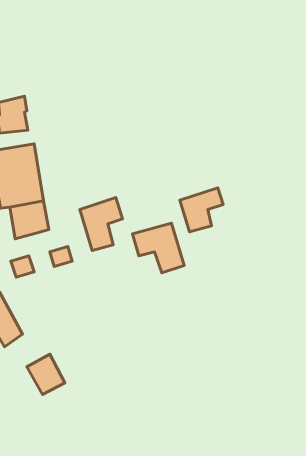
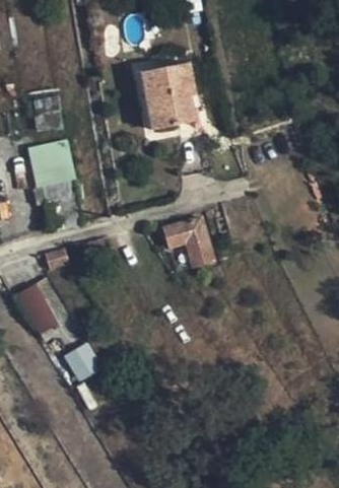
building: none -> [142,63,197,127]
building: [180,188,223,232] -> none
building: [80,198,123,251] -> none

